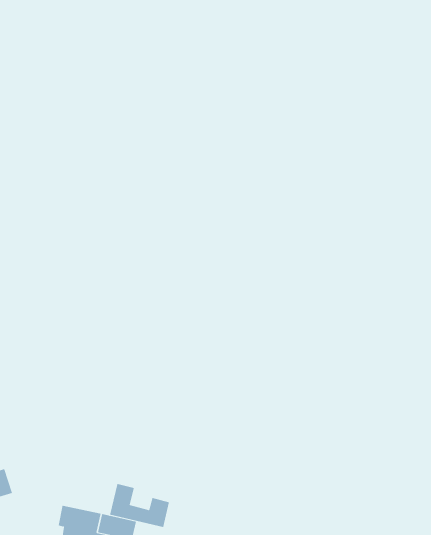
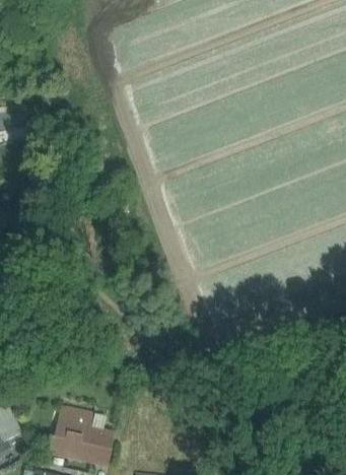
building: [110,483,169,528] -> none

